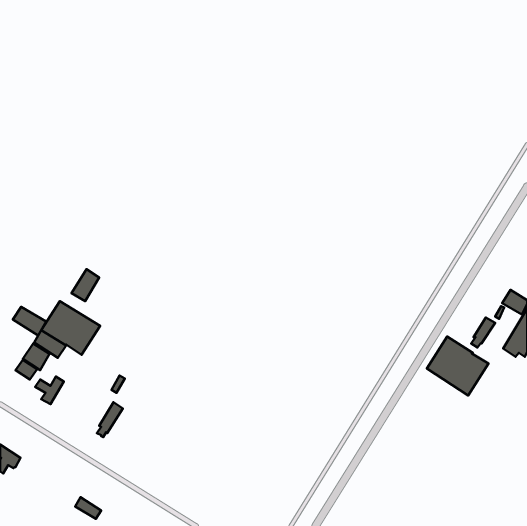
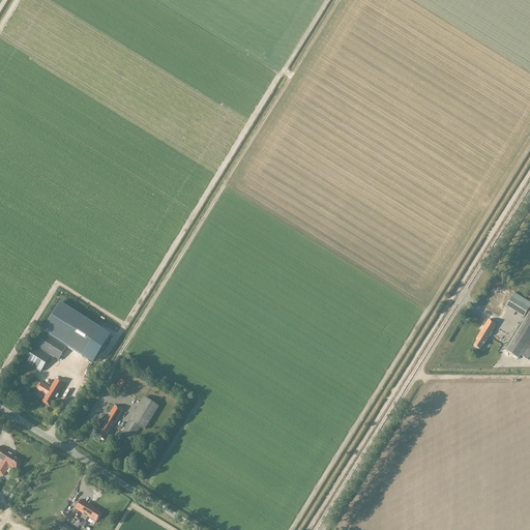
building: [71,269,99,301] -> none
building: [13,307,46,335] -> none
building: [427,336,488,396] -> none
building: none -> [121,396,158,440]

